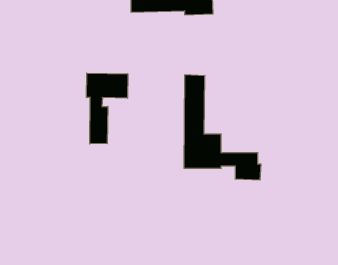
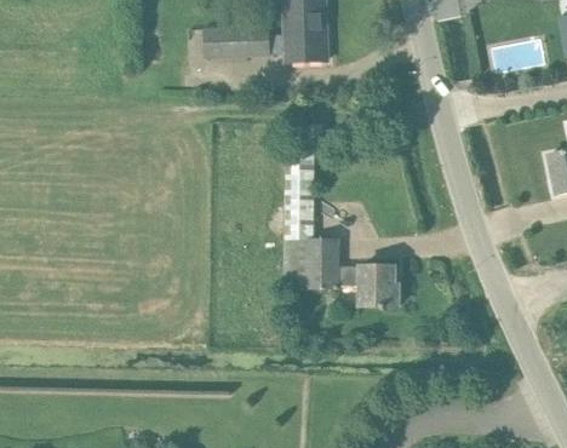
building: [87,73,128,144] -> none

